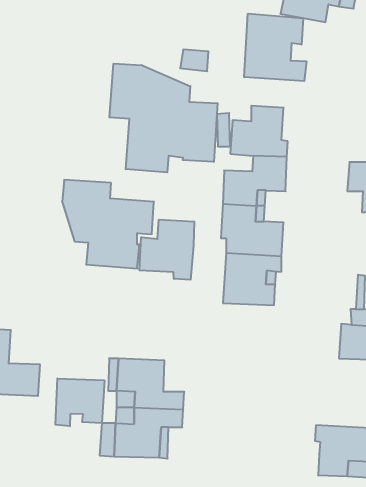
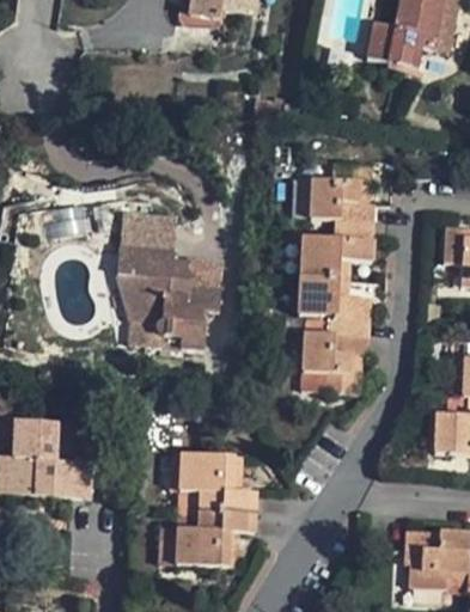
building: [244,14,306,81] -> none
building: [109,64,217,172] -> none
building: none -> [127,214,166,251]
building: [139,220,194,280] -> none
building: [55,378,104,426] -> none

